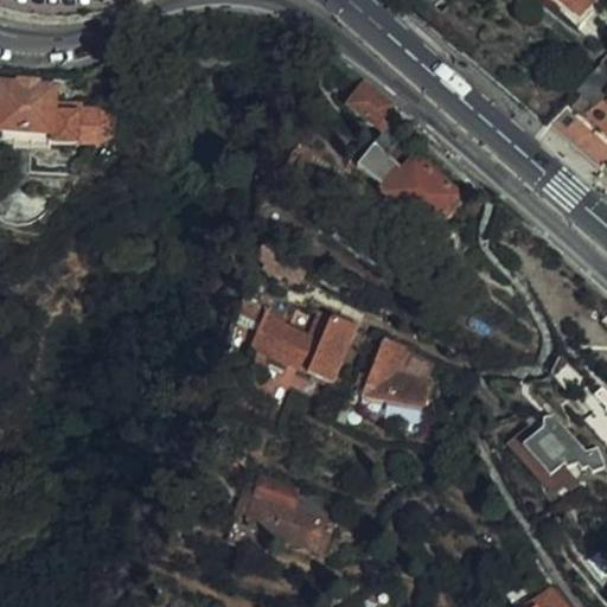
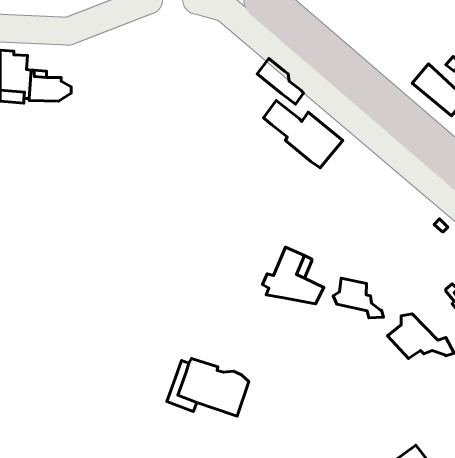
building: [250,309,356,381] -> none
building: none -> [333,278,383,318]

